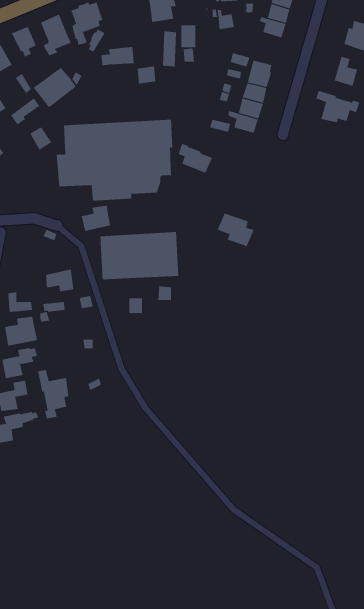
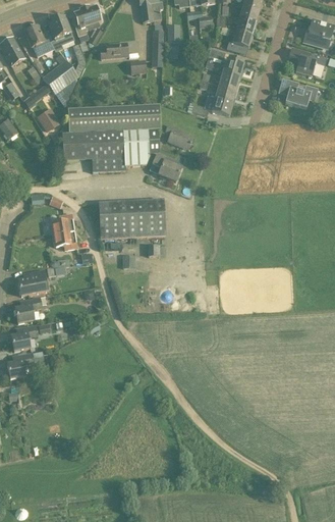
building: none -> [226,28,252,54]
building: [81,205,111,232] -> [49,212,74,234]
building: [217,213,254,247] -> [150,152,181,180]
building: [37,369,69,420] -> none

